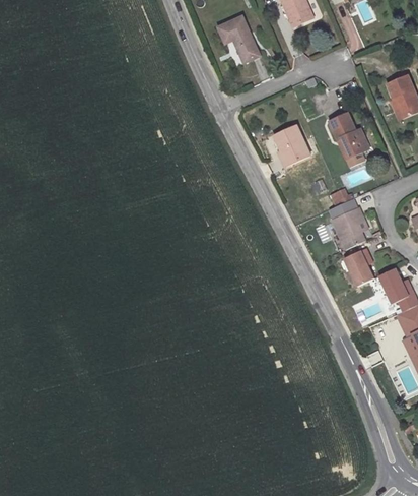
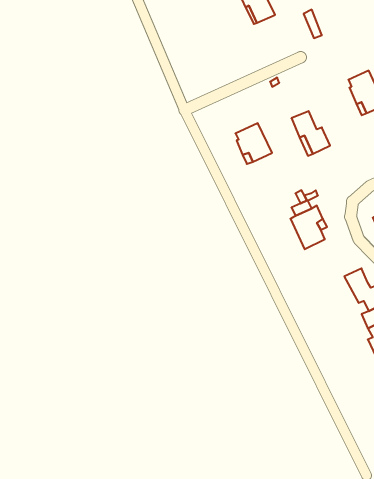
building: [215,15,257,62] -> none
building: [346,249,374,287] -> none

